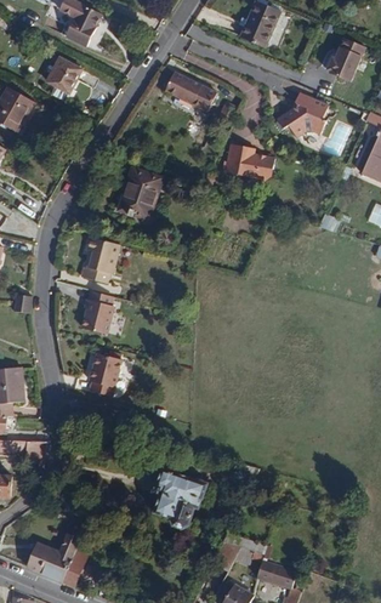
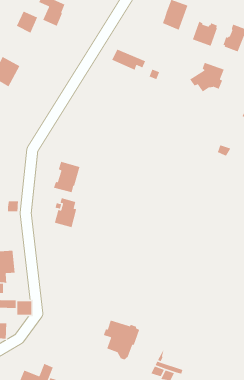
building: none -> [192,20,218,47]
building: [47,56,80,90] -> [16,11,38,34]
building: [221,146,272,186] -> none
building: [114,166,165,224] -> none
building: [87,353,120,397] -> none

